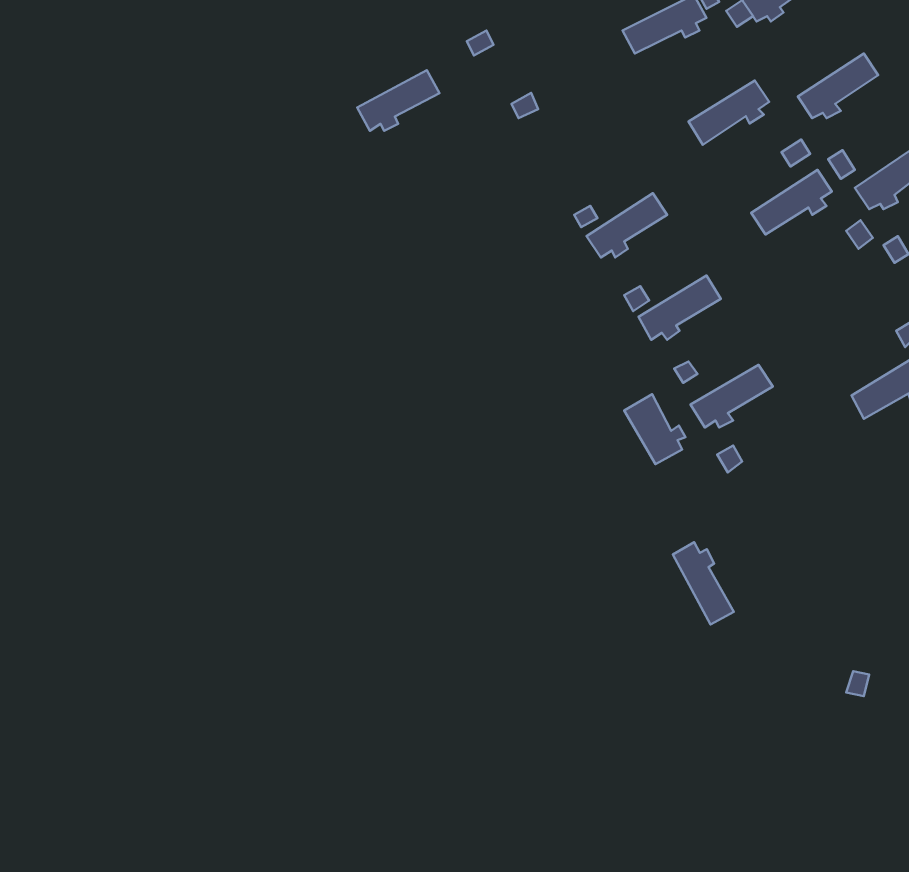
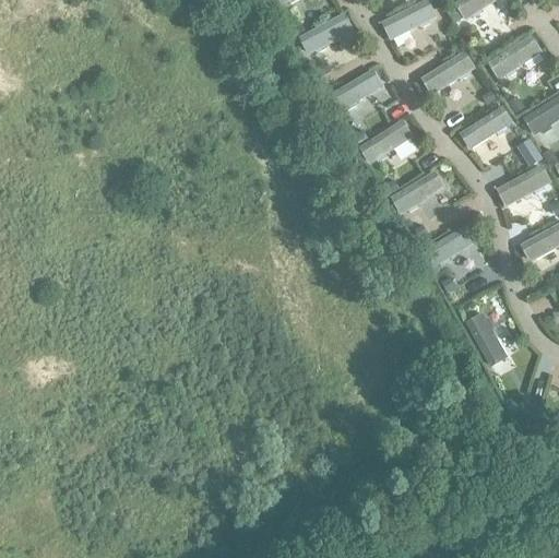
building: [357,70,439,131] -> [300,14,350,51]
building: none -> [330,70,380,109]
building: none -> [498,166,548,203]
building: [624,394,686,464] -> none
building: [673,542,734,624] -> [467,313,504,364]

